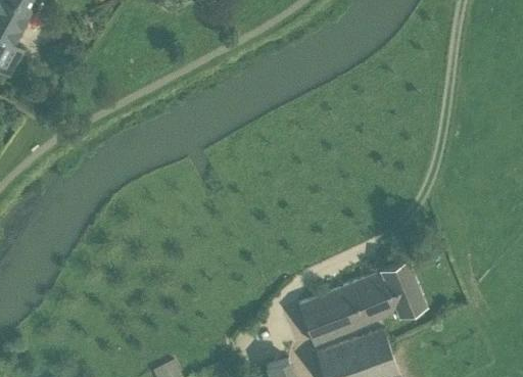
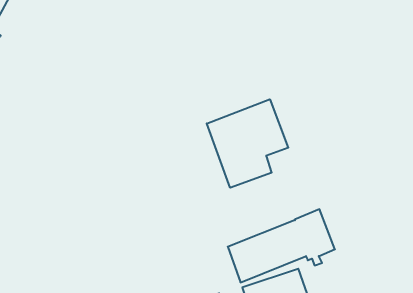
building: none -> [207,99,288,188]

